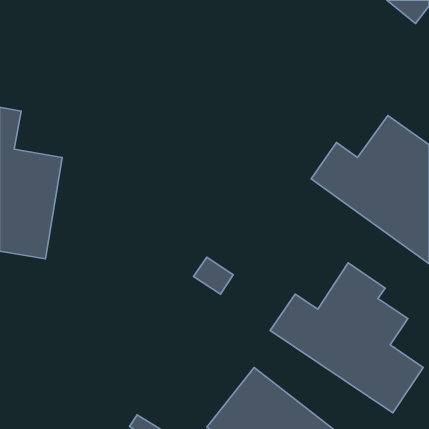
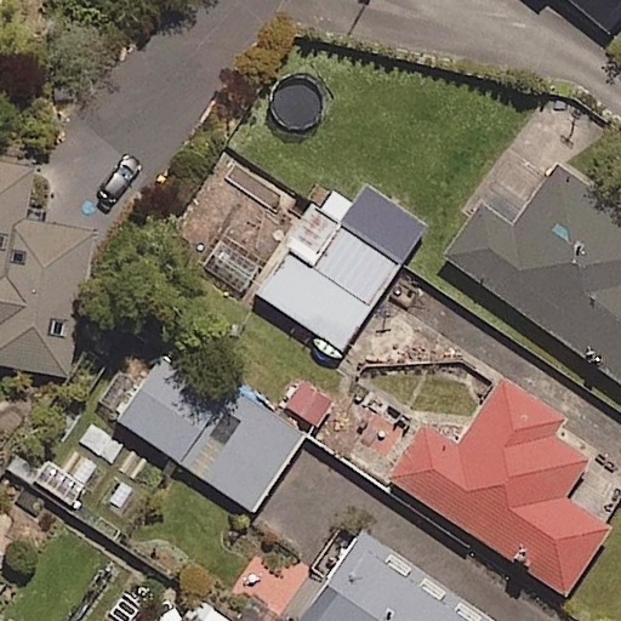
building: none -> [256,186,427,352]
building: none -> [95,338,307,514]

